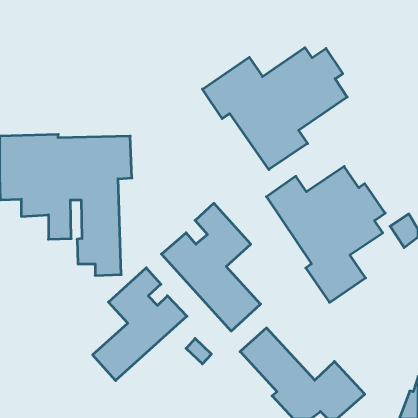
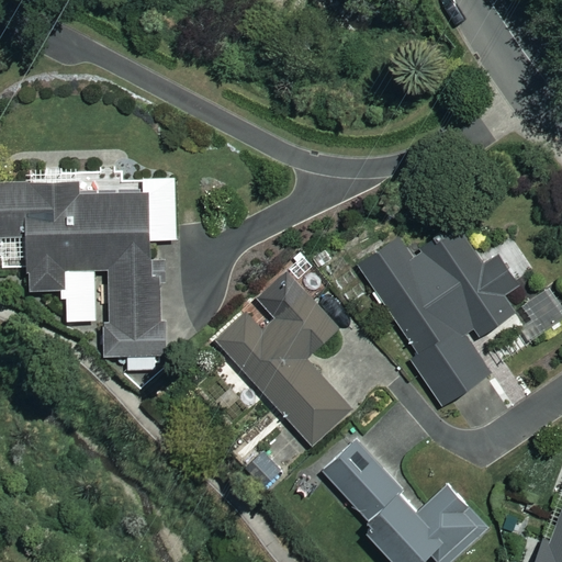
building: [202,48,347,170] -> none
building: [93,268,187,381] -> none

